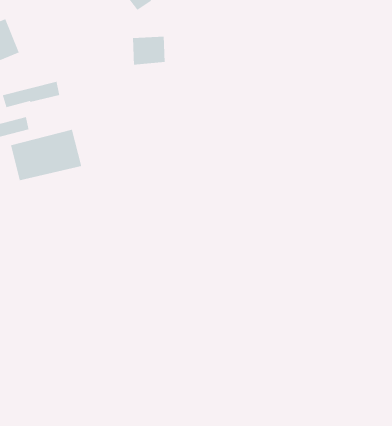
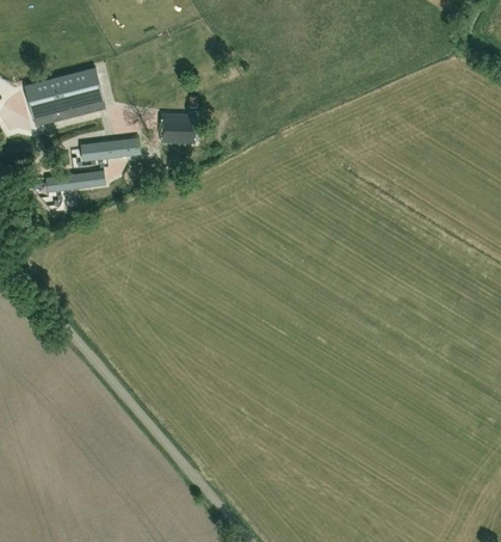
building: [132,36,166,65] -> [161,113,197,143]
building: [10,129,82,181] -> none

